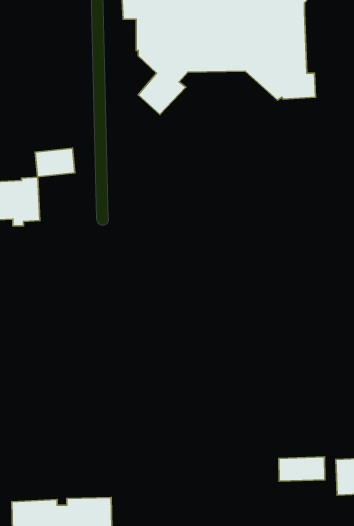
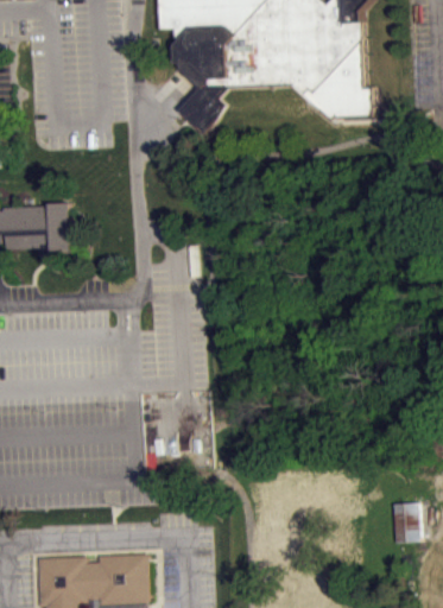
building: [35,148,75,177] -> none
building: [279,457,325,481] -> none

